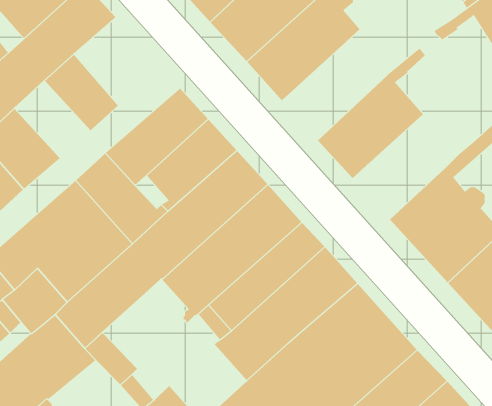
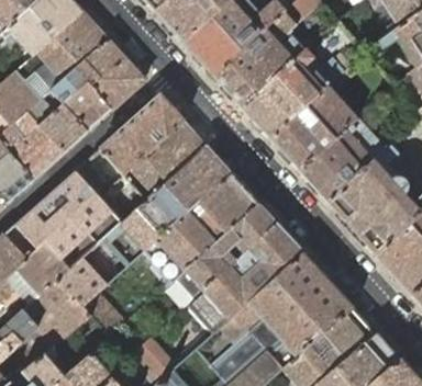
building: none -> [74,39,145,111]
building: none -> [242,49,353,139]
building: none -> [25,91,87,154]
building: none -> [299,118,398,203]

